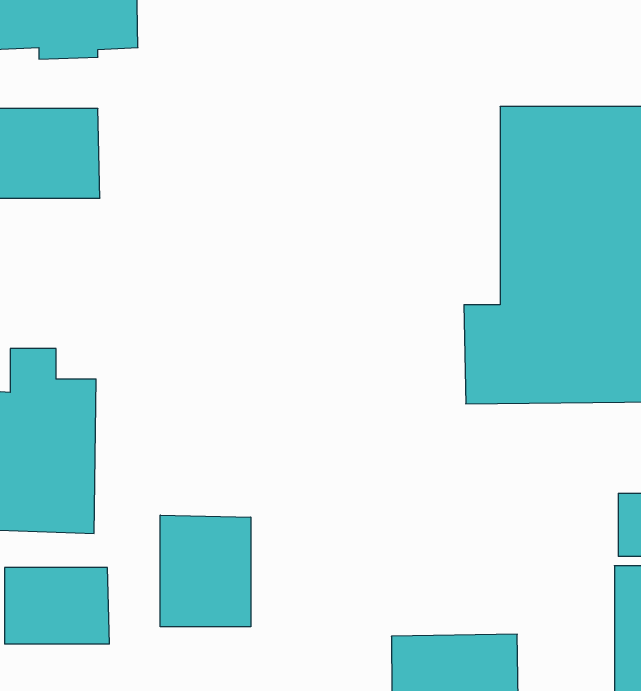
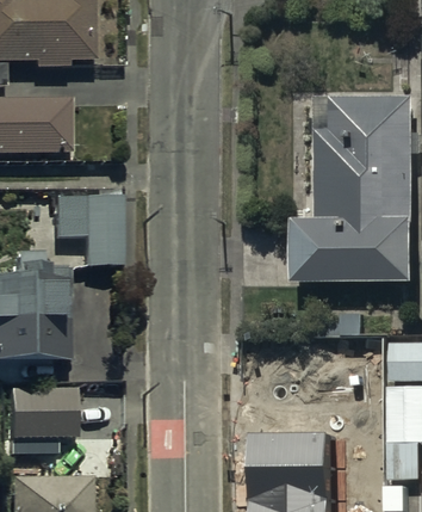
building: none -> [50,197,117,266]
building: [160,515,251,627] -> none

